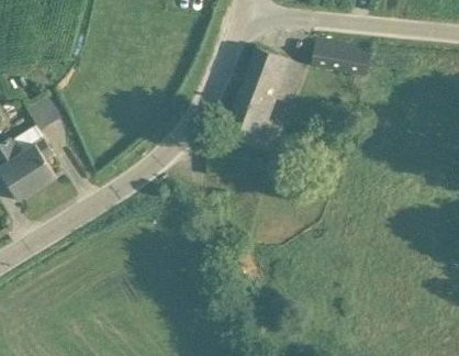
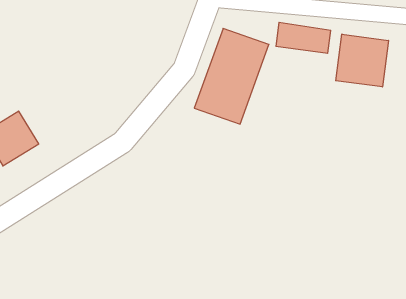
building: none -> [336,34,388,87]

